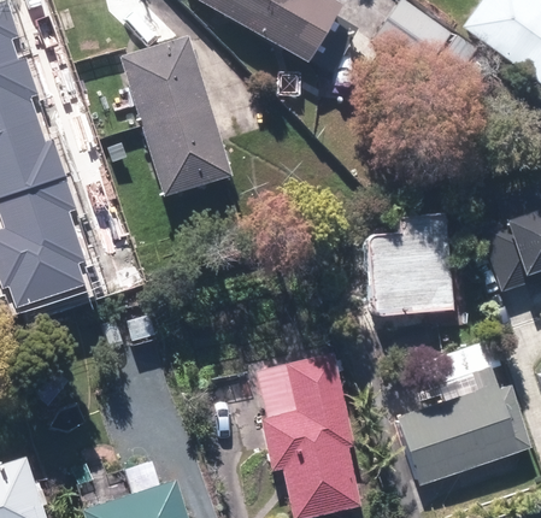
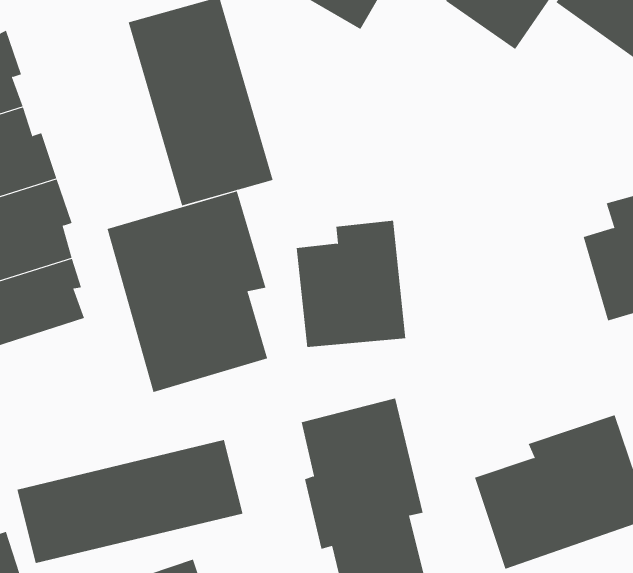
building: none -> [107,190,268,393]
building: [366,214,453,314] -> [296,220,406,348]
building: none -> [17,439,243,564]

